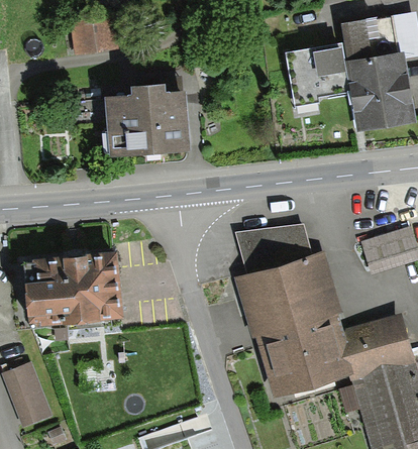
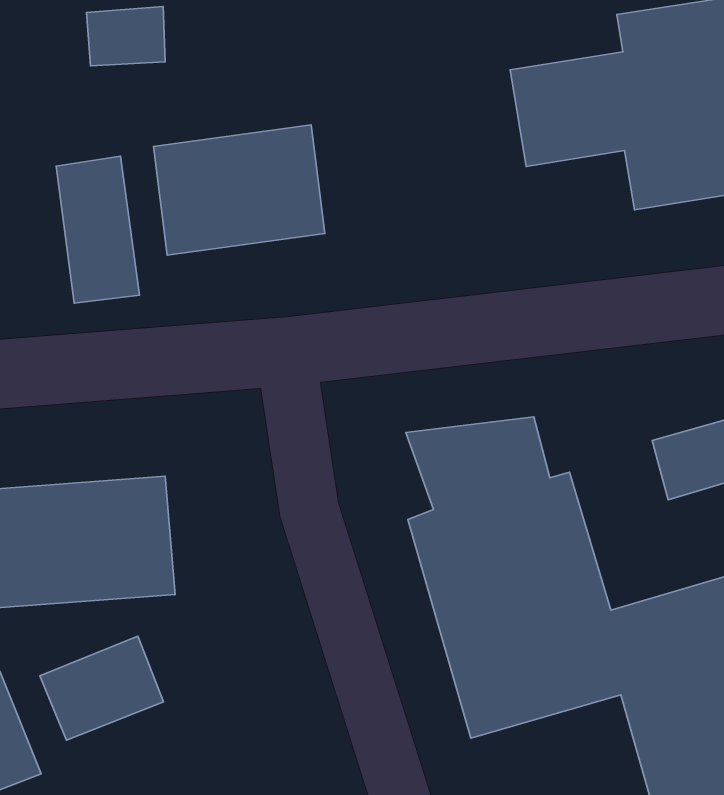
building: none -> [56,156,140,303]
building: none -> [40,636,163,740]

